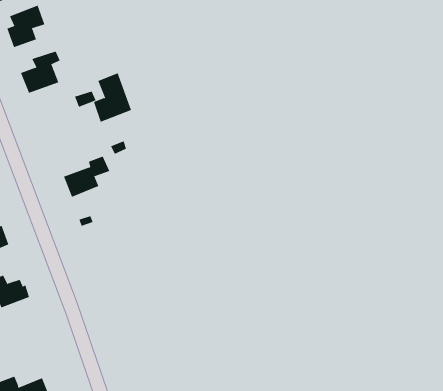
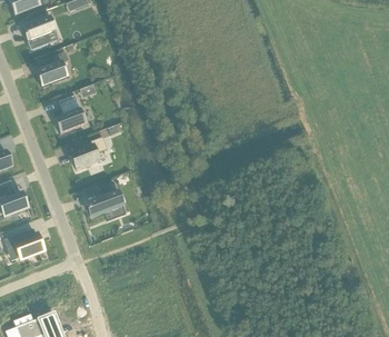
building: [93,73,132,122] -> [54,95,86,135]
building: none -> [87,181,123,217]

